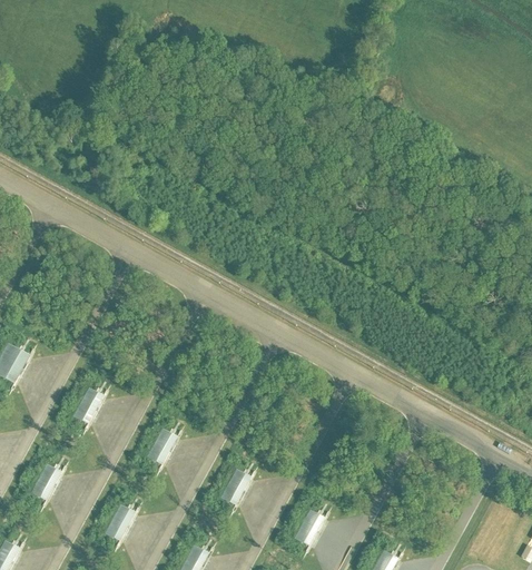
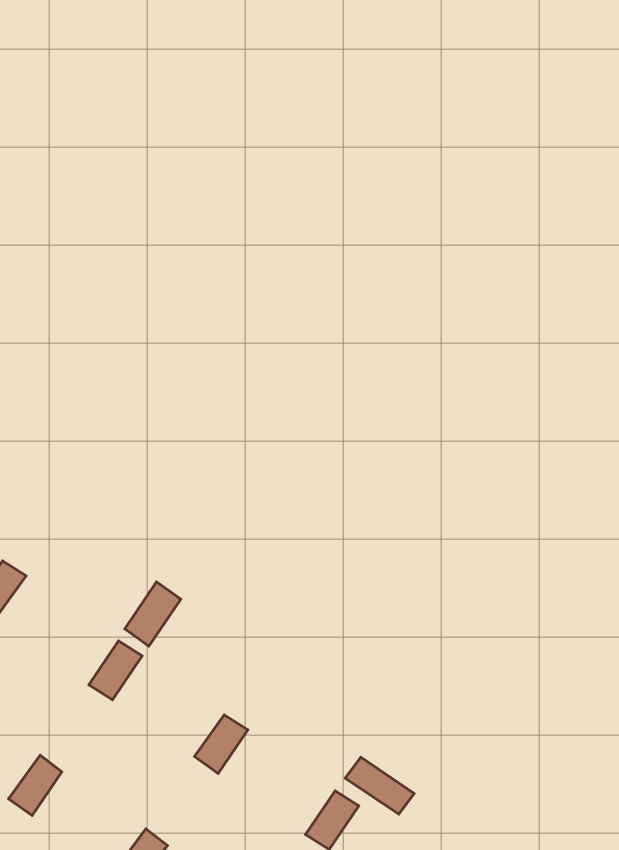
building: none -> [125,582,181,646]
building: none -> [345,757,414,814]

